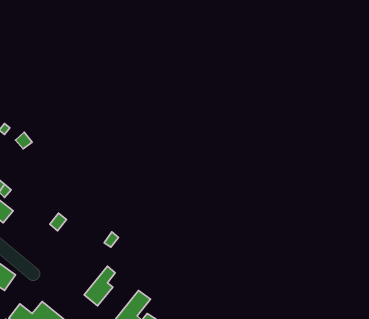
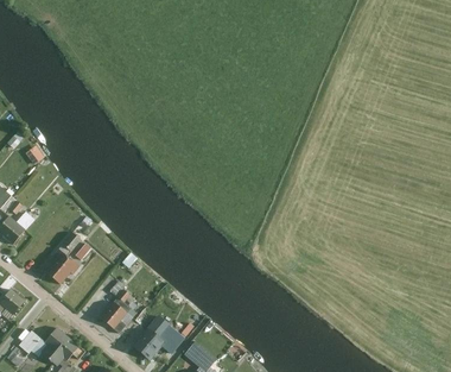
building: none -> [45,241,91,285]

